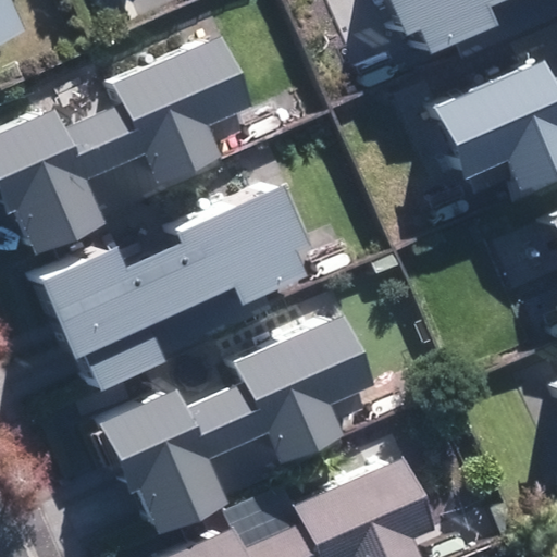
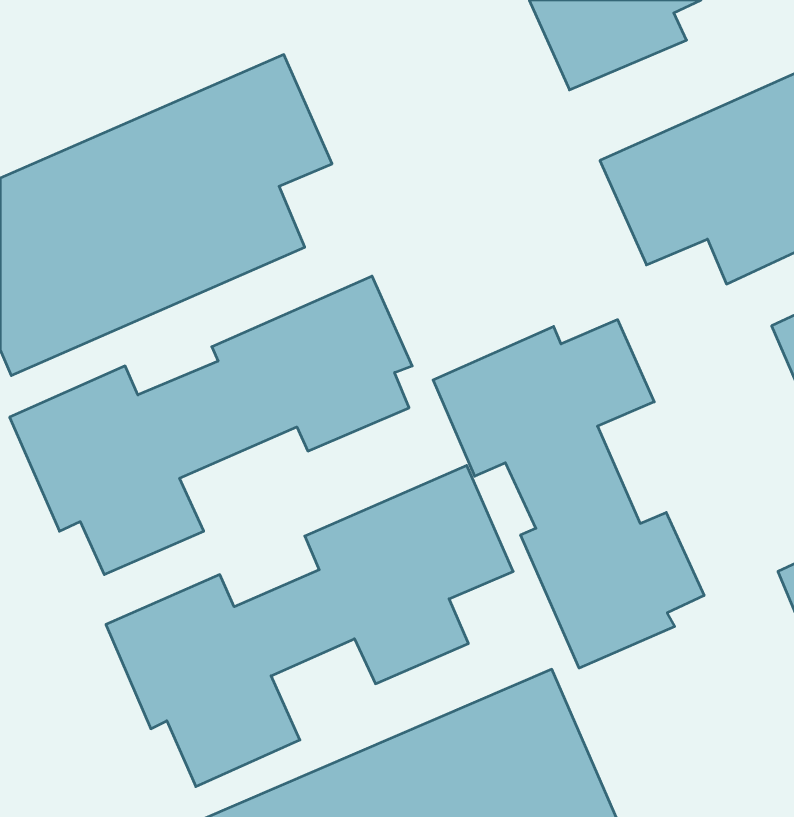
building: none -> [433,320,704,668]

